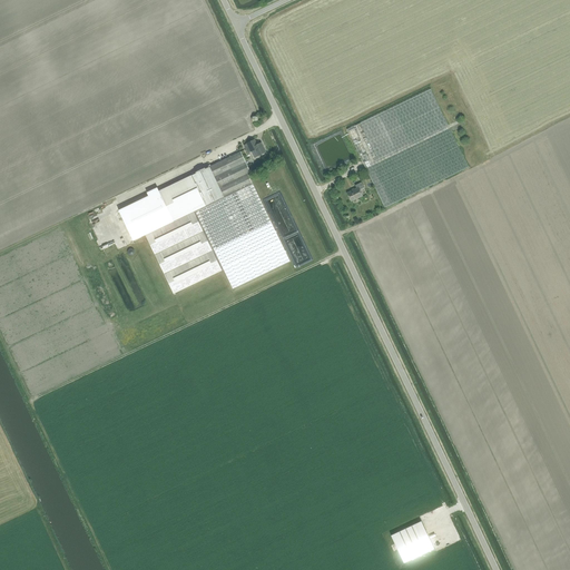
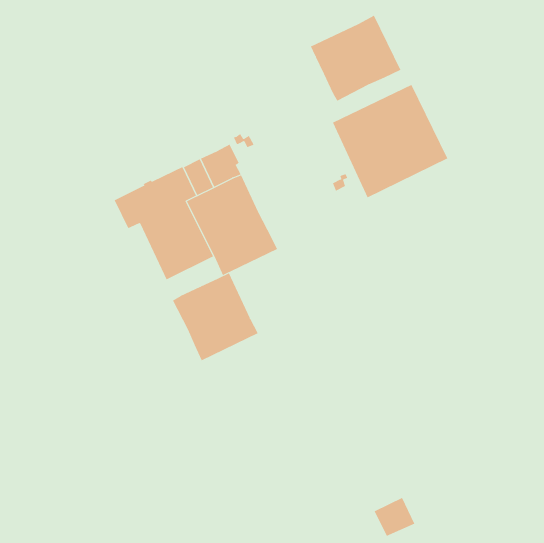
building: none -> [310,15,401,101]
building: none -> [172,273,258,361]

